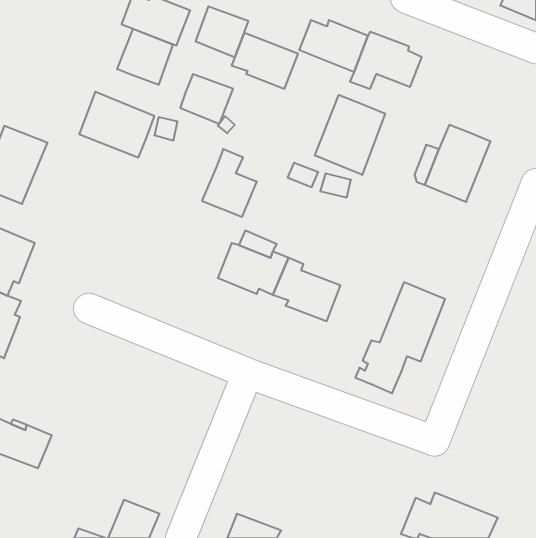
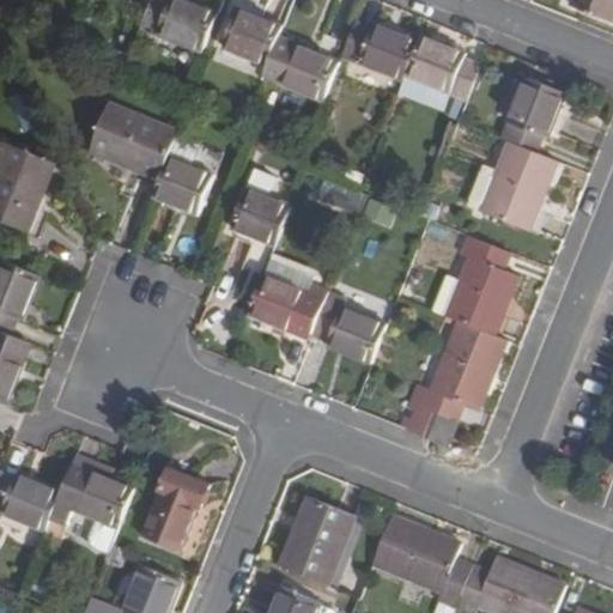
building: [117,29,173,85] -> none
building: none -> [499,77,562,151]
building: [180,74,233,124] -> [151,158,211,214]
building: [315,95,385,175] -> none
building: none -> [447,235,516,334]
building: none -> [141,469,208,551]
building: none -> [43,471,133,538]
building: none -> [278,497,353,584]
building: none -> [370,515,471,605]

